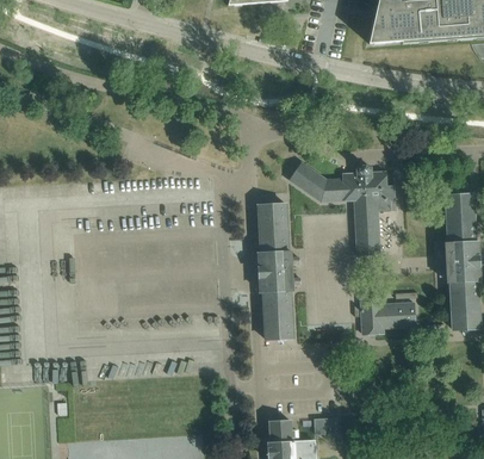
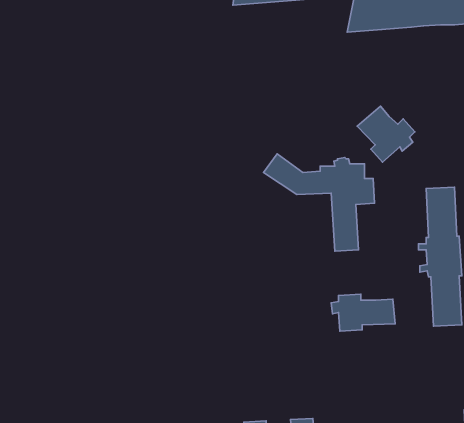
building: none -> [357,106,415,162]
building: [259,203,300,339] -> none

